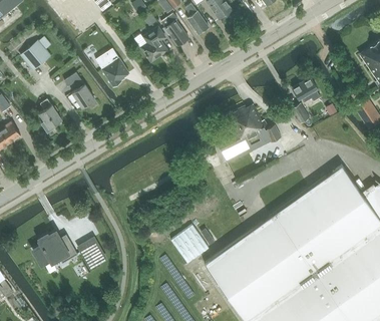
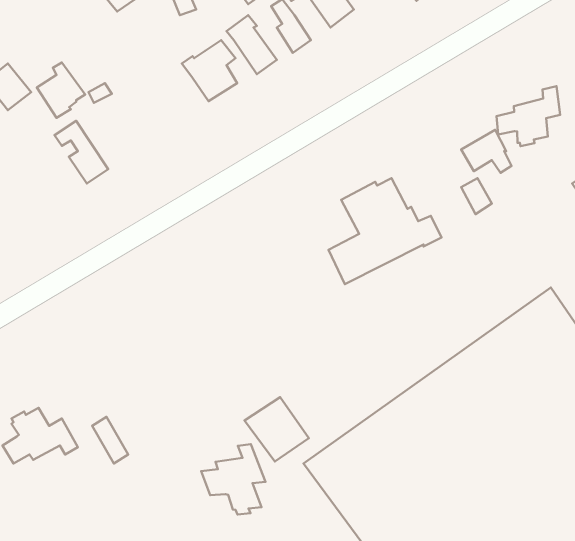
building: none -> [496,86,560,146]
building: [102,55,129,86] -> [37,62,85,118]
building: [39,98,62,133] -> none
building: none -> [201,444,266,515]

